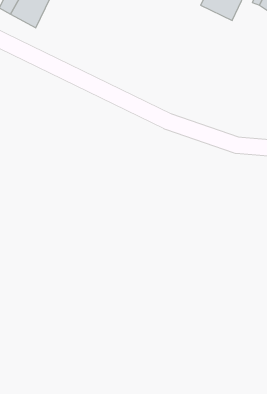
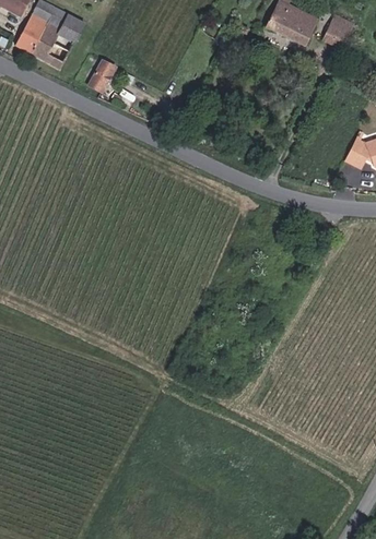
building: none -> [86,63,118,99]

